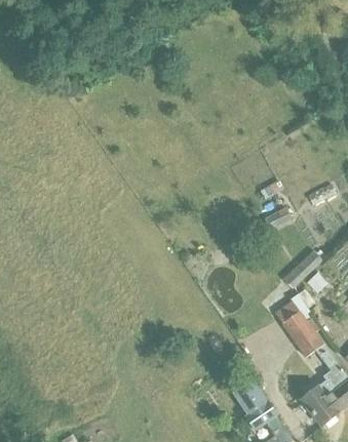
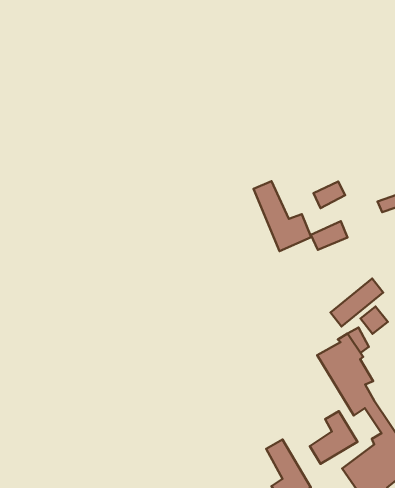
building: none -> [253,181,311,251]
building: none -> [310,411,358,464]

